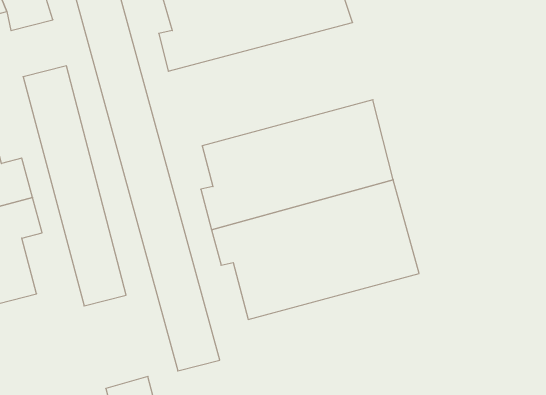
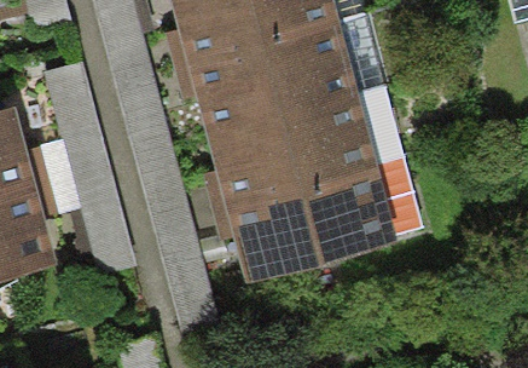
building: none -> [174,22,356,132]

